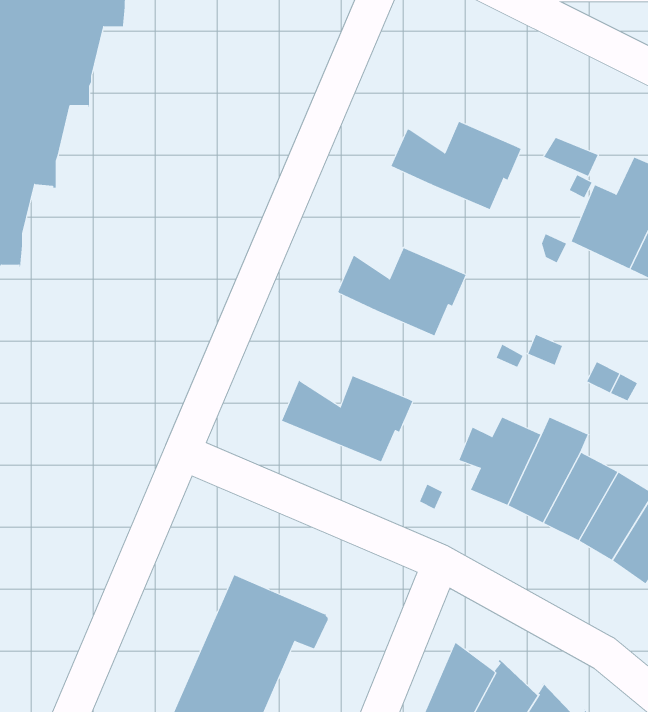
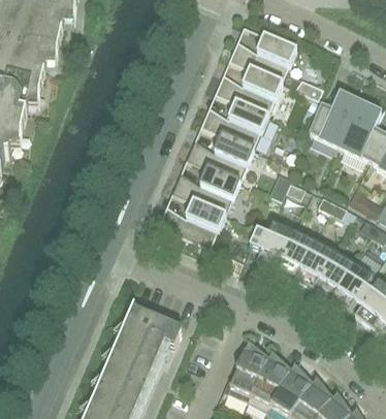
building: none -> [228,33,297,82]
building: none -> [200,101,268,148]
building: none -> [171,167,240,214]

